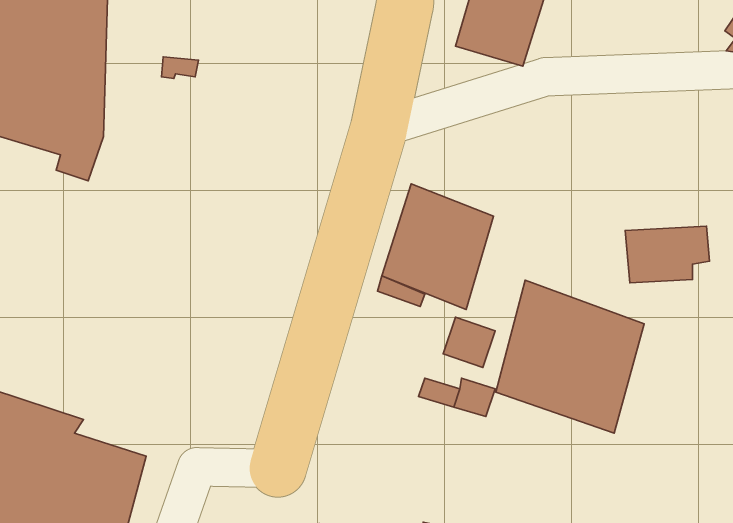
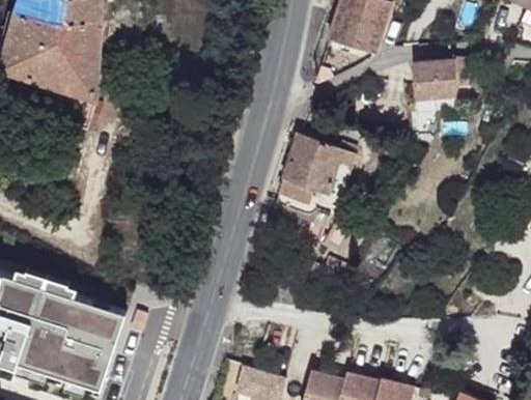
building: [625,226,709,283] -> [412,61,469,99]
building: [496,280,644,433] -> none

